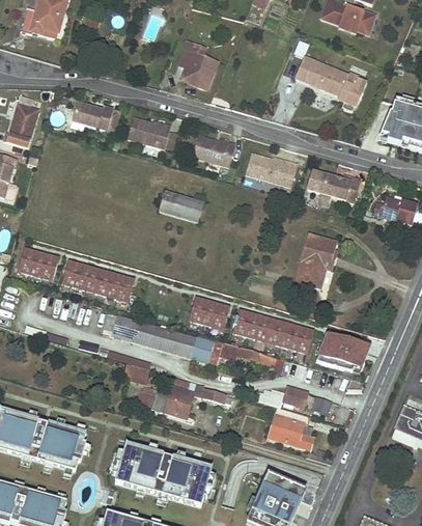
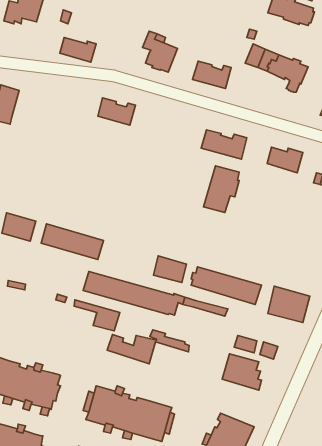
building: [72,102,113,130] -> [60,37,96,62]
building: [192,135,235,166] -> [193,61,231,88]
building: [159,190,203,221] -> none
building: [296,233,336,286] -> [204,166,239,212]

